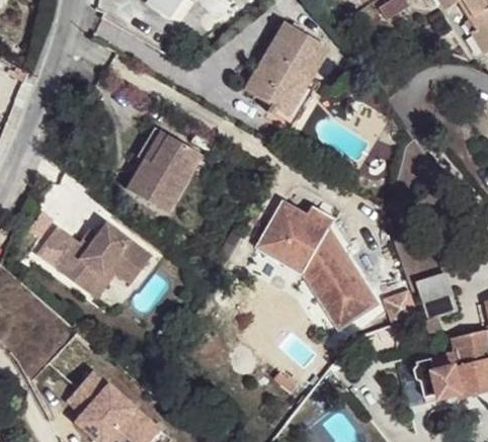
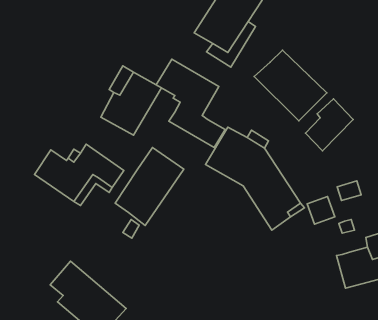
building: none -> [254,50,327,121]
building: none -> [156,59,225,147]
building: none -> [305,99,353,151]
building: none -> [115,147,184,225]

